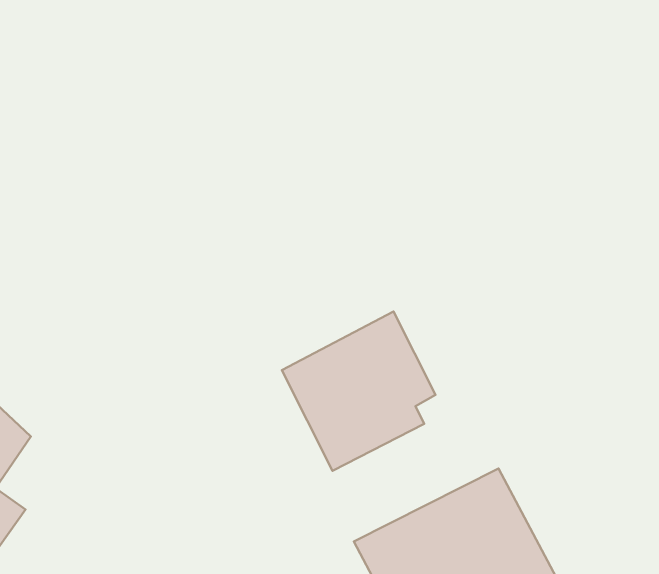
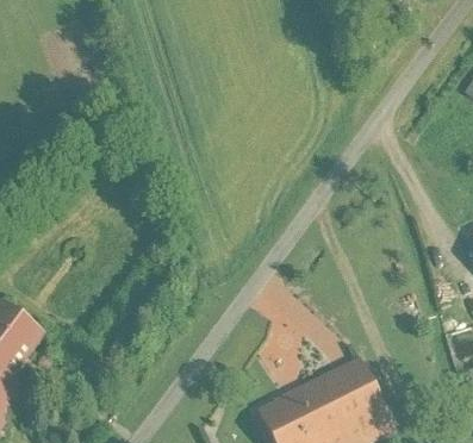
building: [282,312,436,471] -> none

